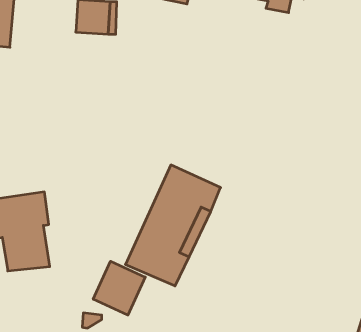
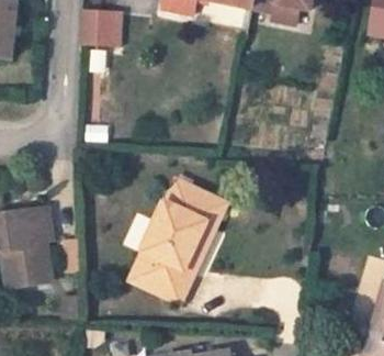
building: [93,261,145,315] -> none

